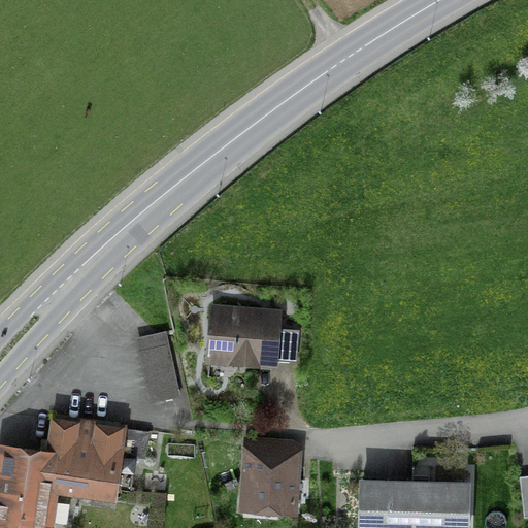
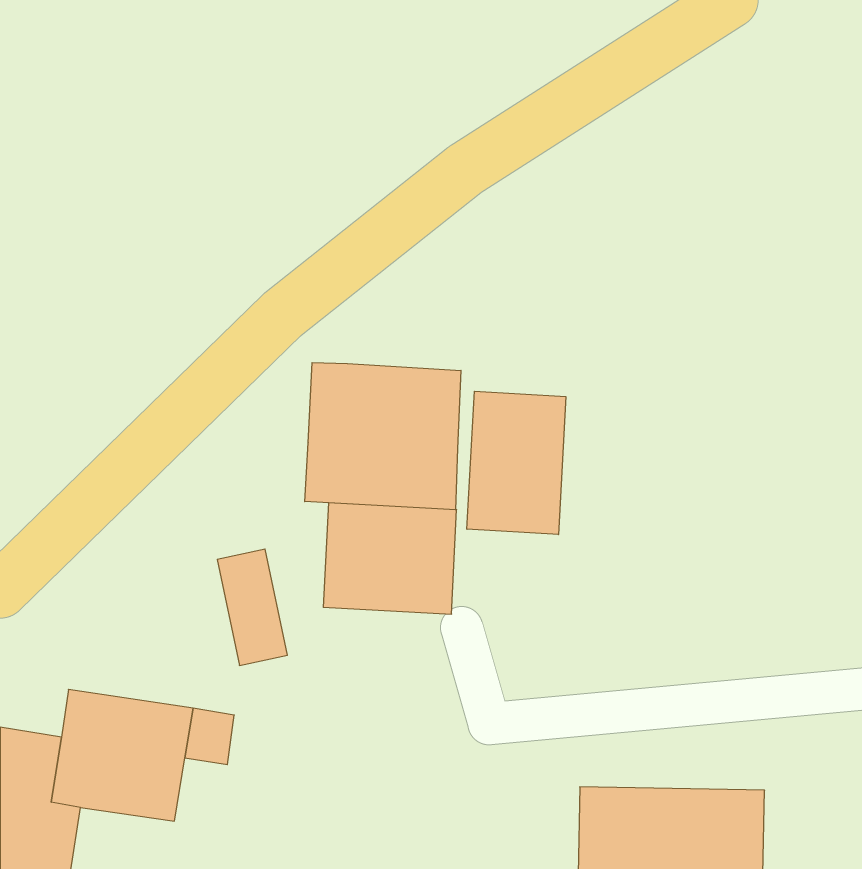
building: none -> [305,363,461,510]
building: none -> [467,391,566,535]
building: [239,441,302,515] -> none

